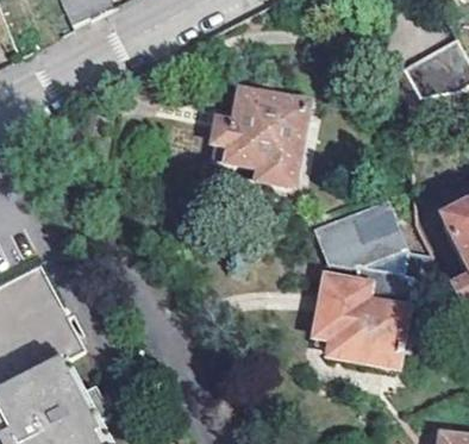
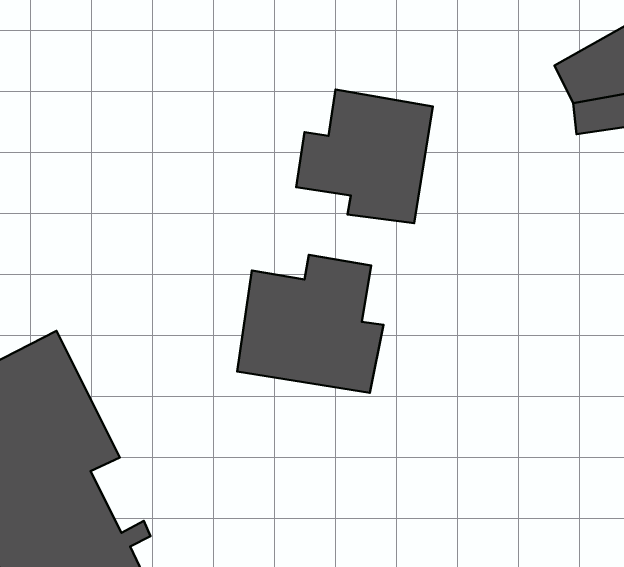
building: [314,200,411,364] -> none
building: none -> [237,255,383,393]

